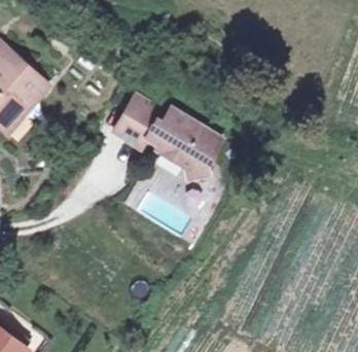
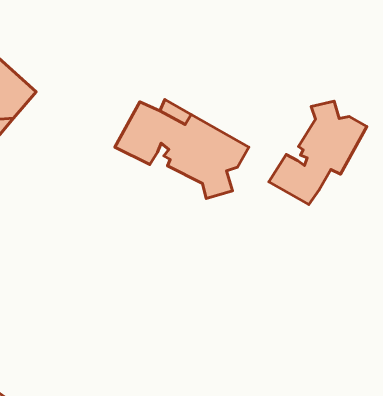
building: none -> [269,101,367,205]

